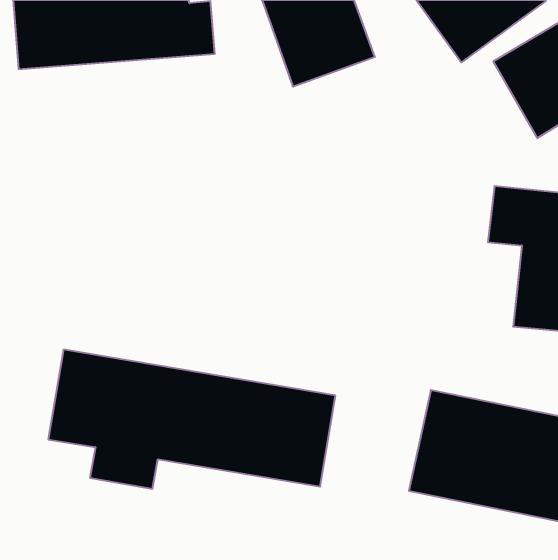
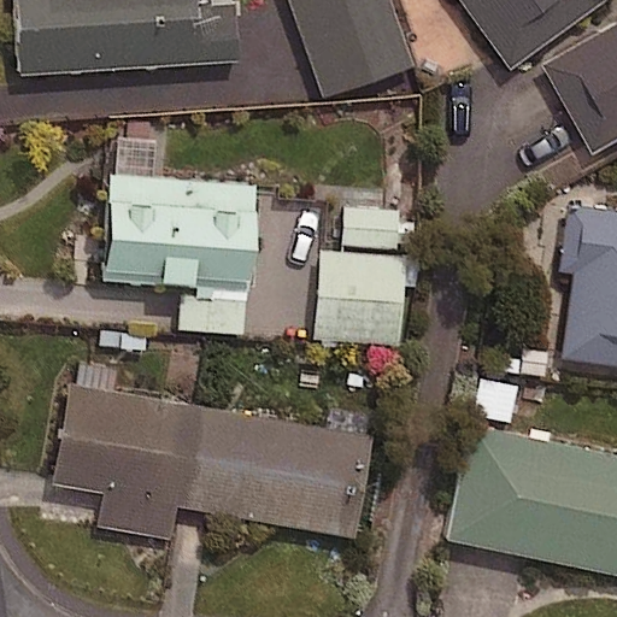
building: none -> [104,174,255,333]
building: none -> [316,204,406,342]

